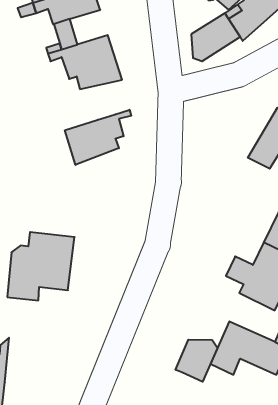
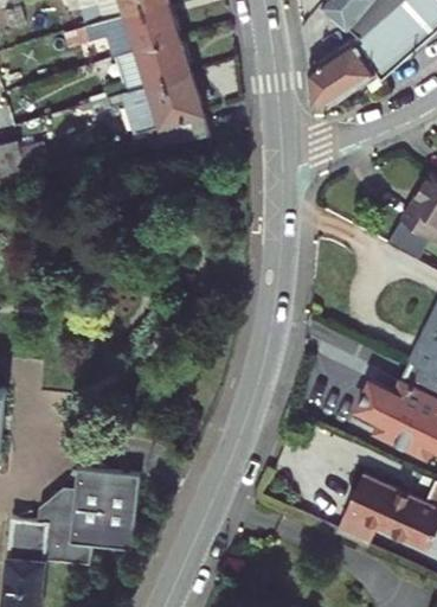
building: none -> [137,36,191,84]
building: [65,110,131,165] -> none
building: [7,232,75,300] -> [46,467,141,563]
building: [176,340,218,382] -> none

